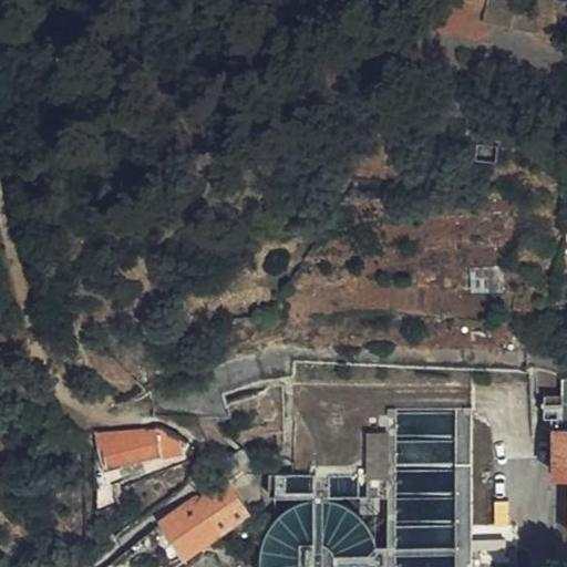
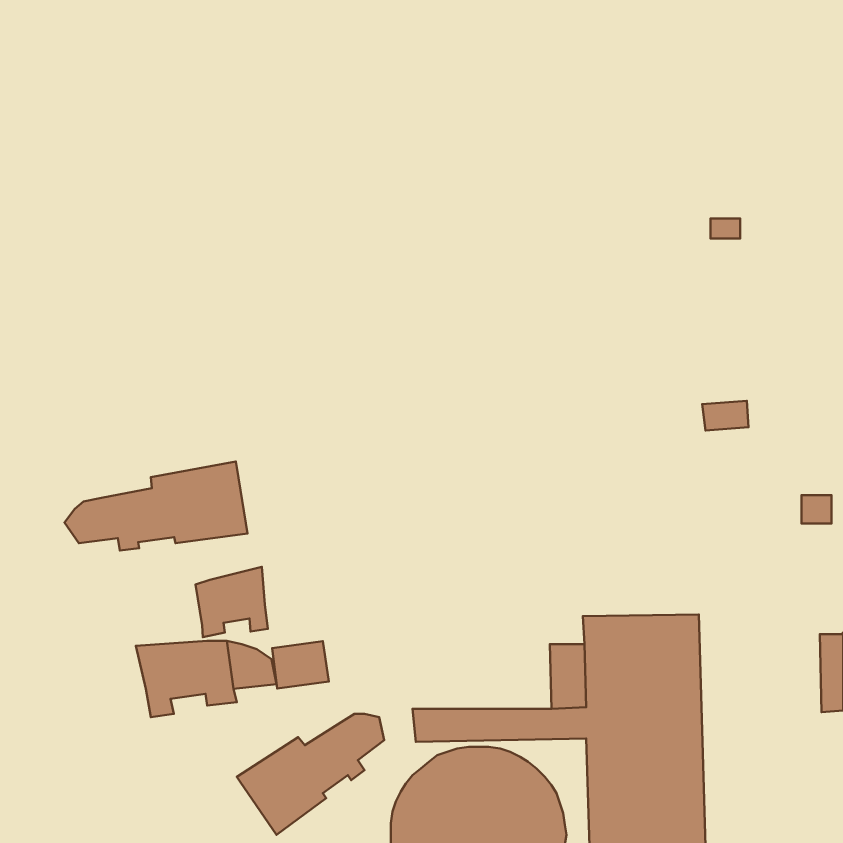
building: none -> [65,461,248,551]
building: none -> [196,567,268,637]
building: none -> [272,641,329,689]

